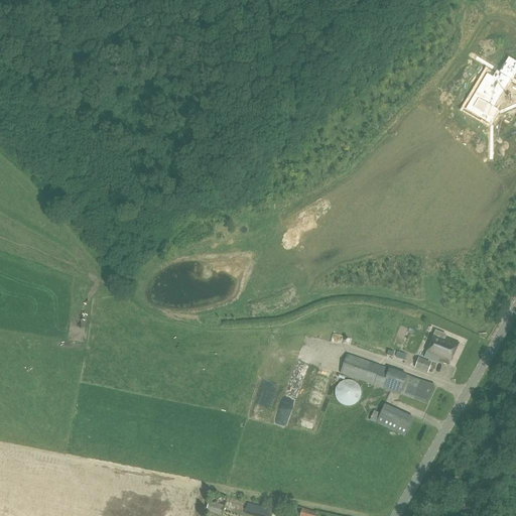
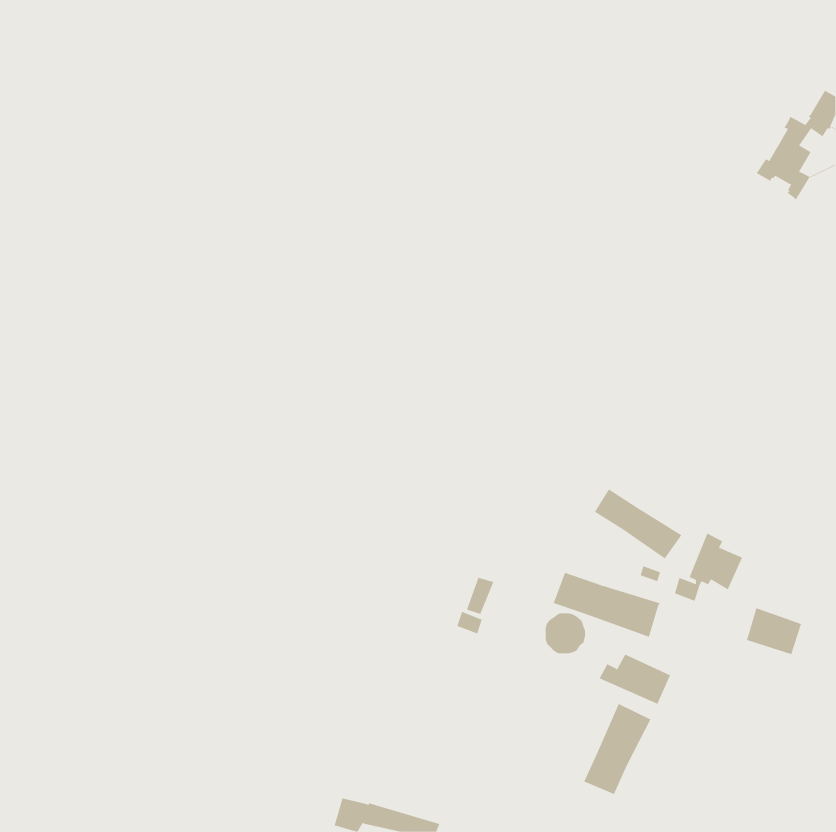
building: none -> [594,489,682,560]
building: [400,373,434,402] -> [746,607,802,655]
building: none -> [584,703,651,795]

